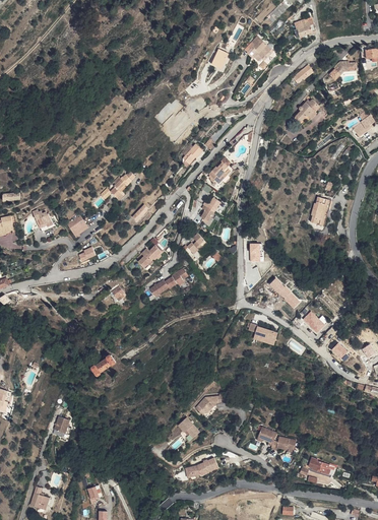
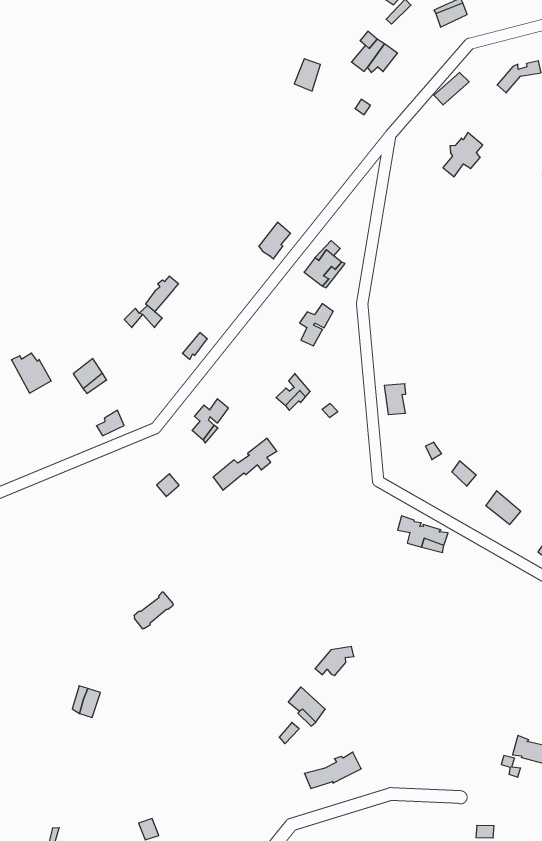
building: [310,197,329,226] -> none
building: [257,427,296,450] -> none

